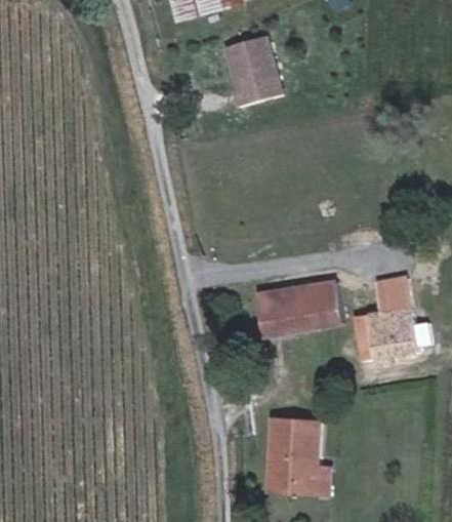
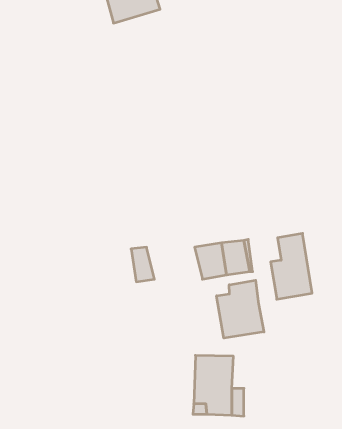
building: [225,32,287,104] -> none
building: [252,294,280,335] -> [131,247,154,282]
building: none -> [217,280,264,338]

